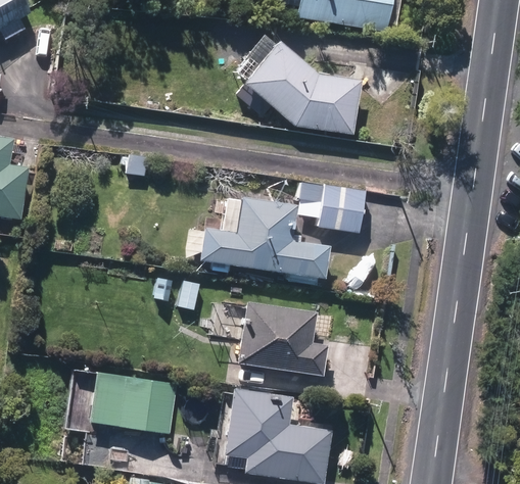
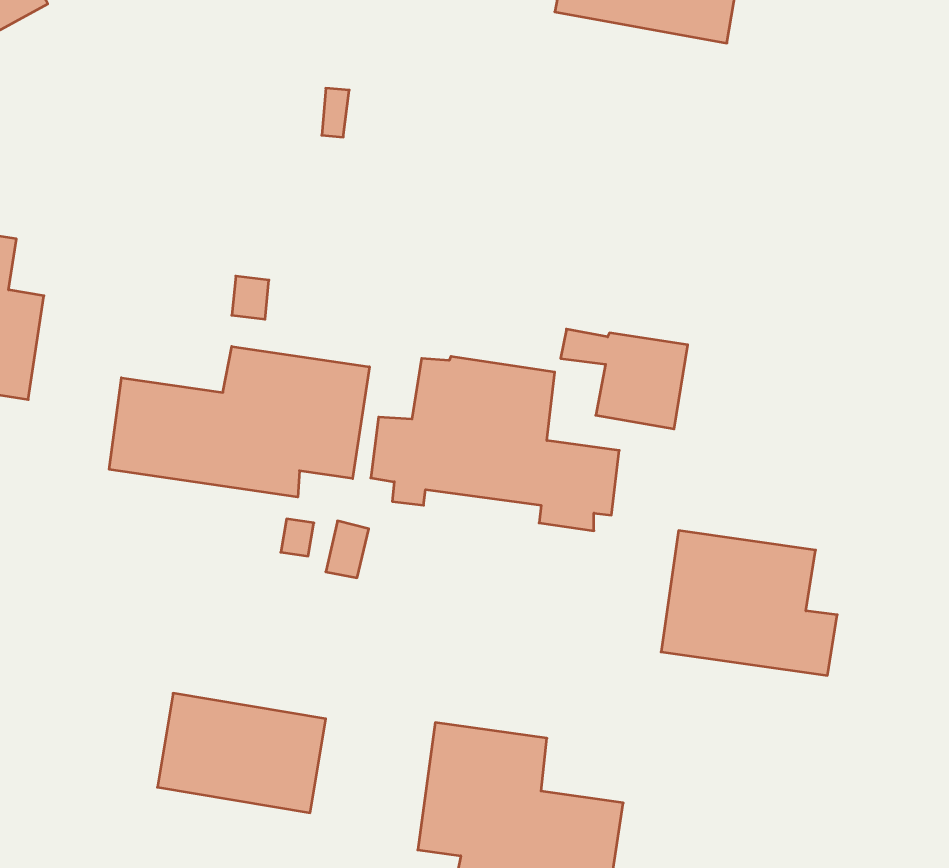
building: [243,36,362,134] -> none
building: none -> [109,346,369,497]
building: [236,300,328,376] -> [661,531,837,675]

